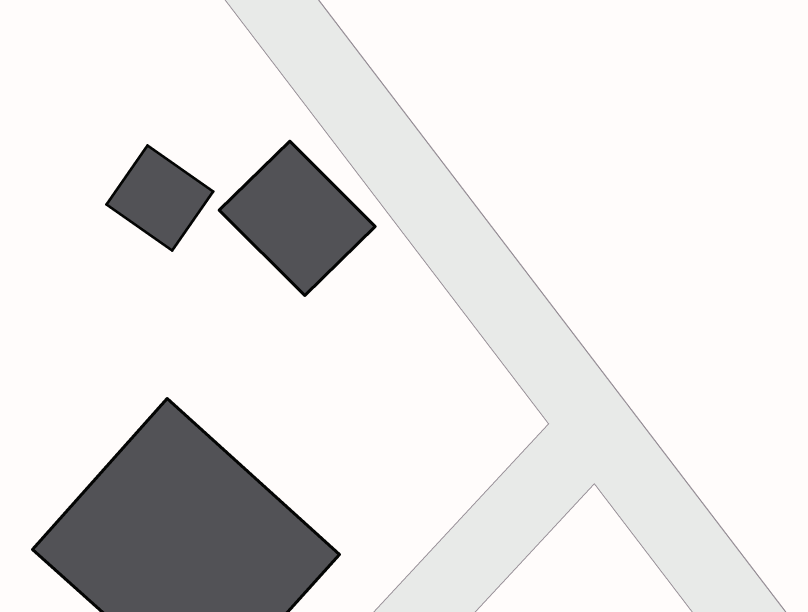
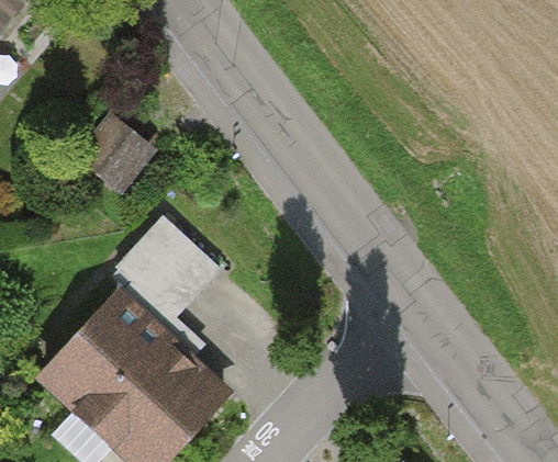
building: [219,141,375,296] -> [115,201,220,304]

